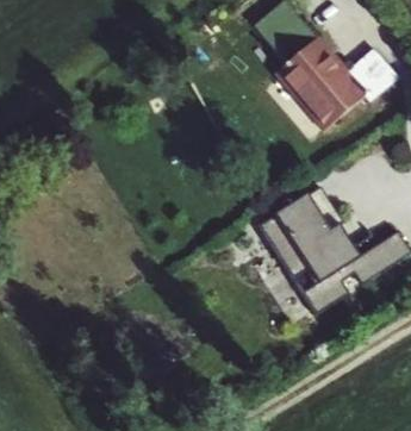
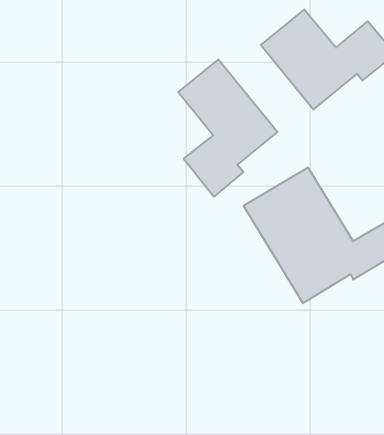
building: none -> [178,59,278,197]

